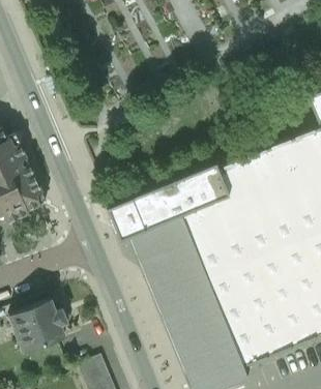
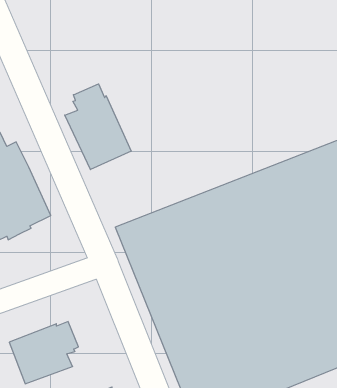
building: none -> [65,84,131,170]

